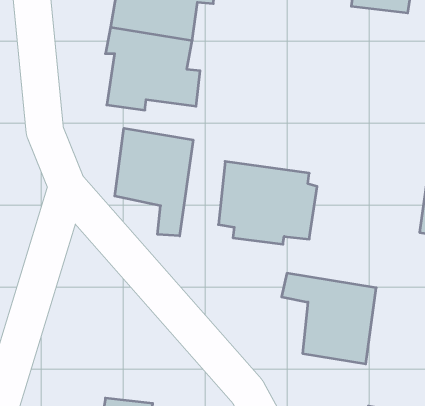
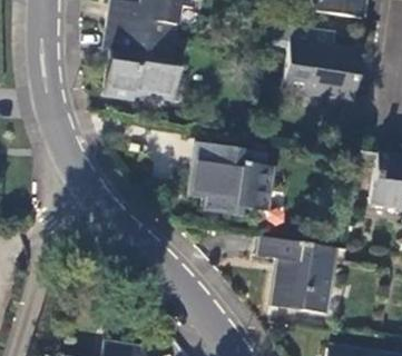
building: none -> [282,42,354,99]
building: [115,128,193,236] -> none

